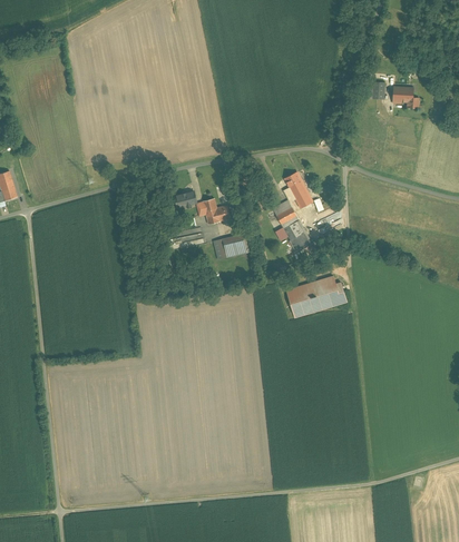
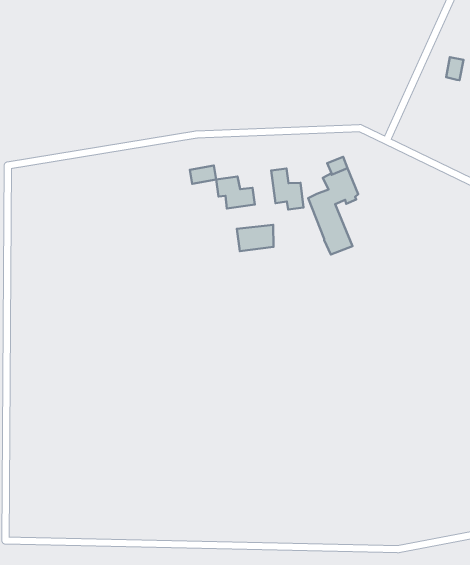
building: none -> [271,169,304,209]
building: [285,275,346,317] -> none

